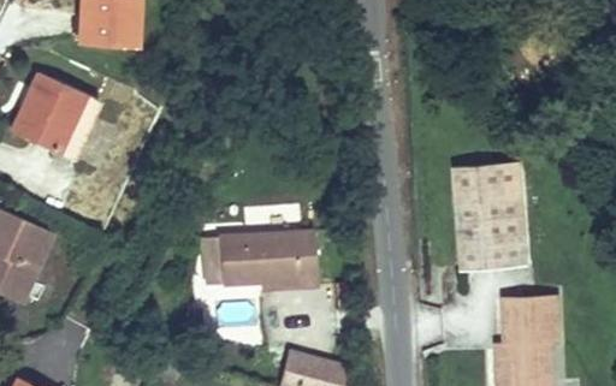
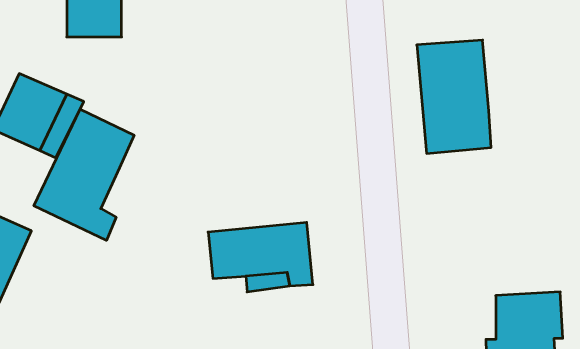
building: none -> [34,109,134,240]
building: [451,159,525,271] -> [417,40,491,153]

